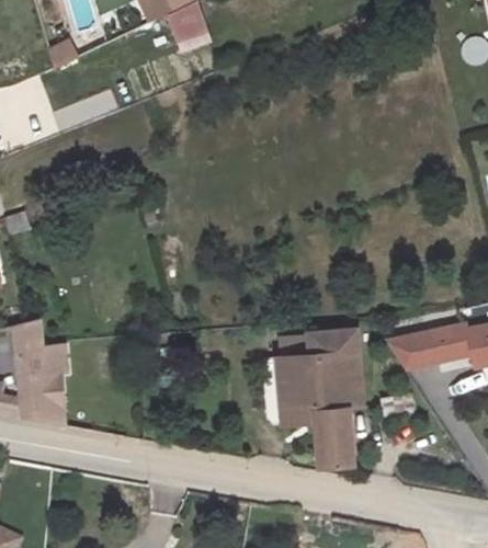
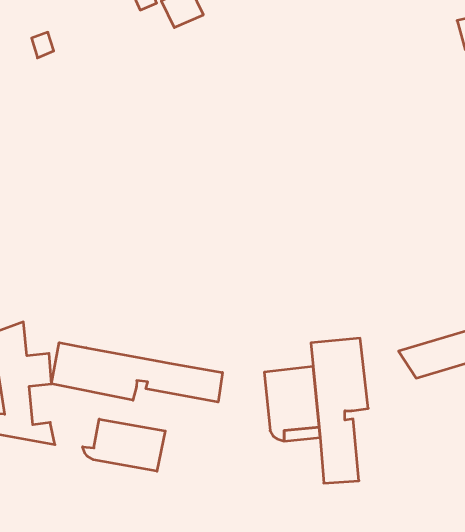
building: none -> [51,343,222,402]
building: none -> [83,419,165,471]

